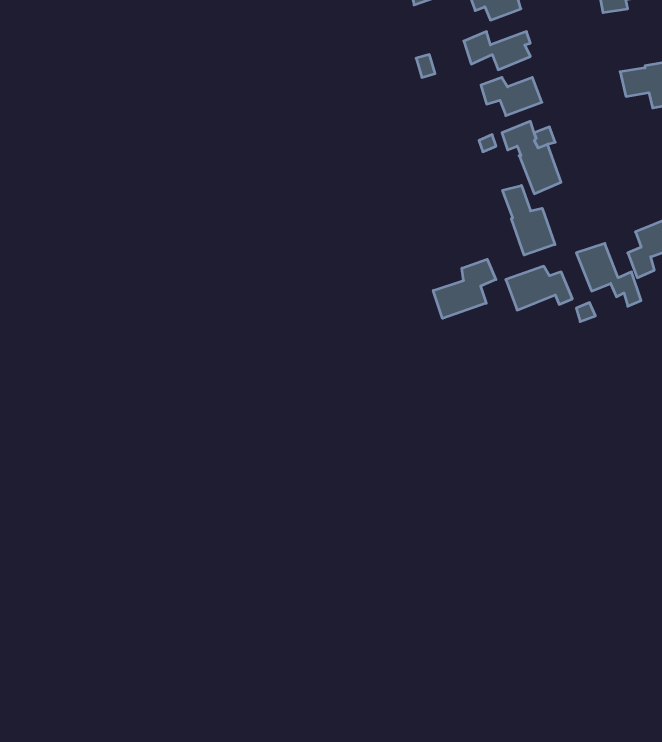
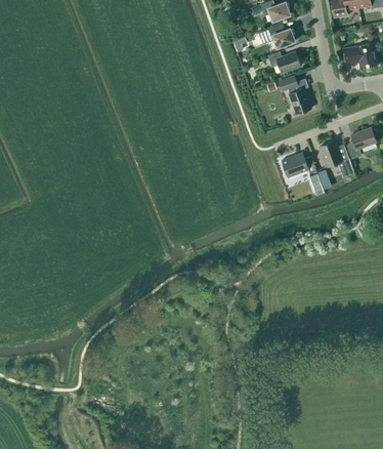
building: [503,185,555,255] -> none
building: [433,259,496,318] -> none

